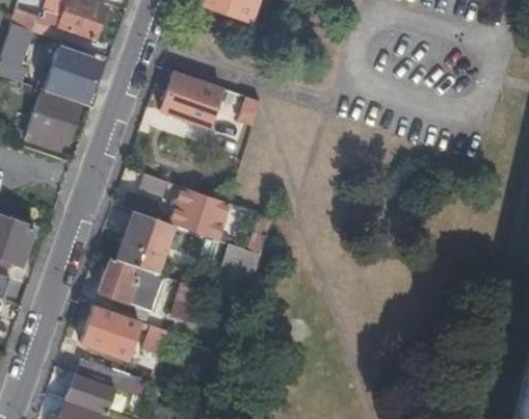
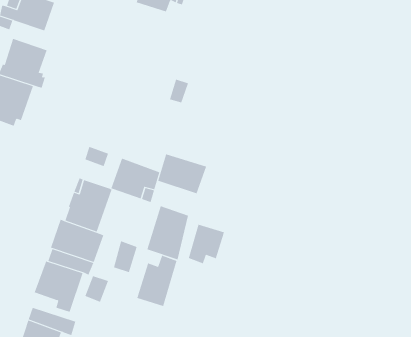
building: [162,72,223,126] -> none
building: none -> [157,154,207,194]
building: none -> [188,224,224,264]
building: none -> [137,255,177,307]

